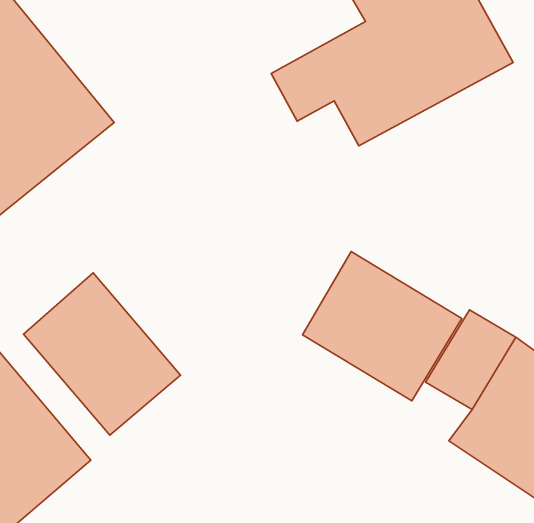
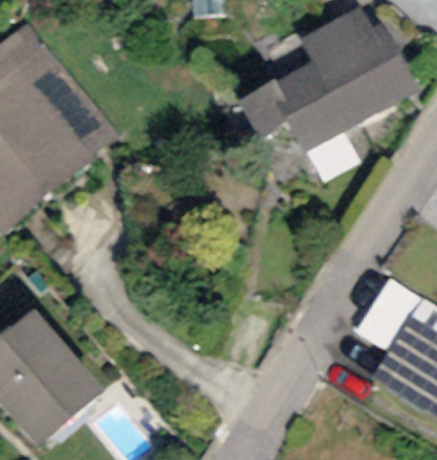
building: [303,252,462,401] -> none
building: [24,273,181,435] -> none

